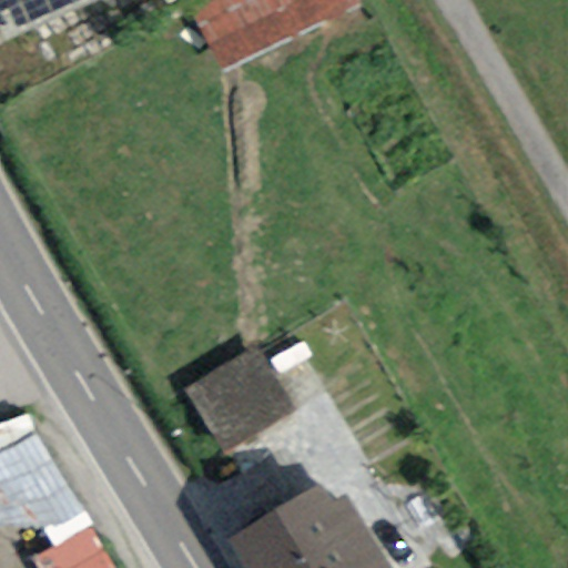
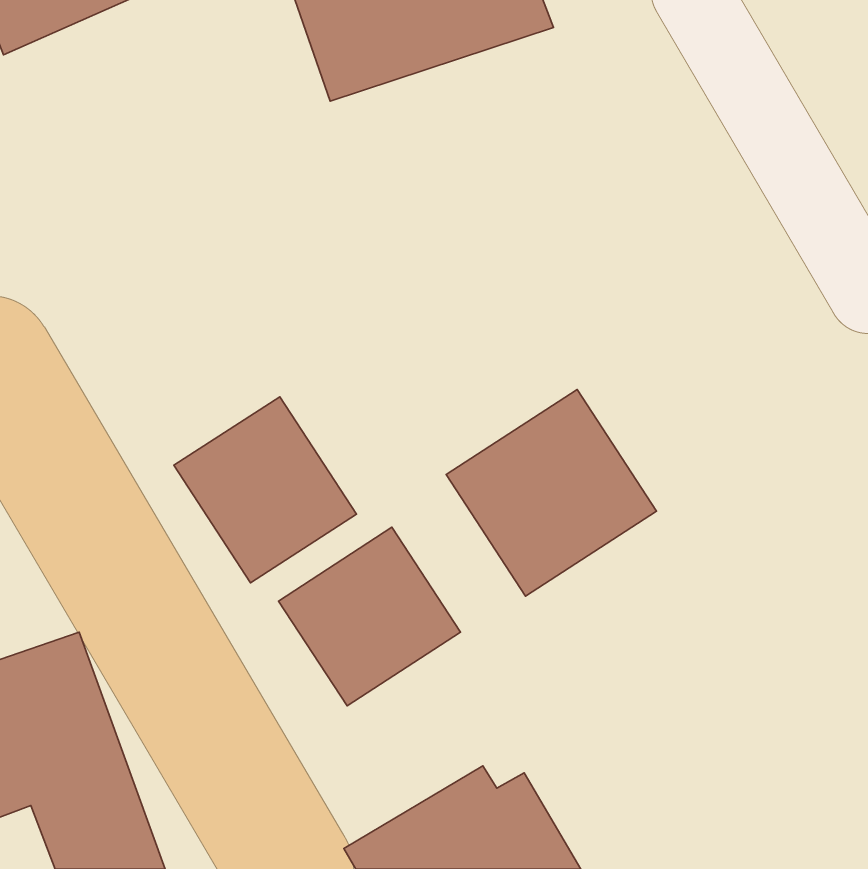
building: none -> [446,390,657,596]
building: none -> [174,397,356,583]

